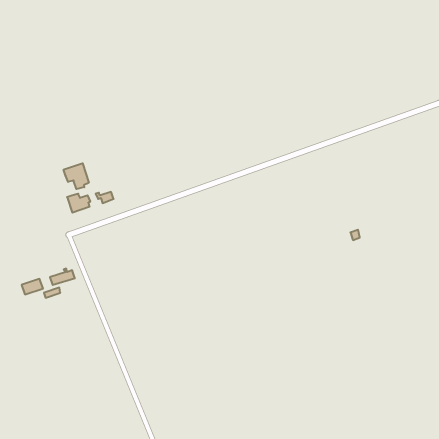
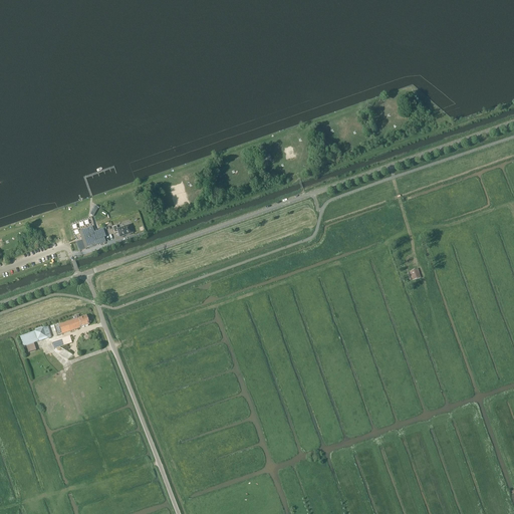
building: [64,163,89,189] -> none

